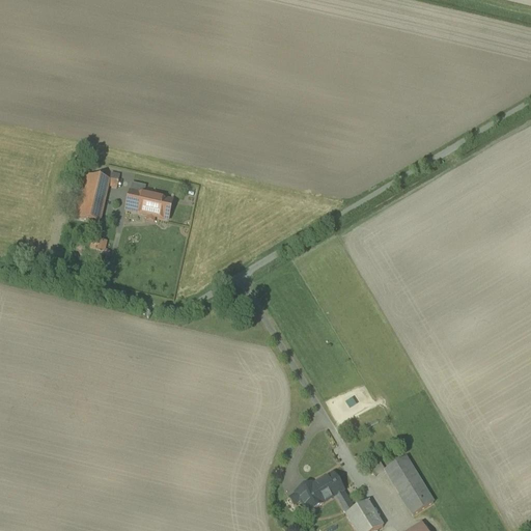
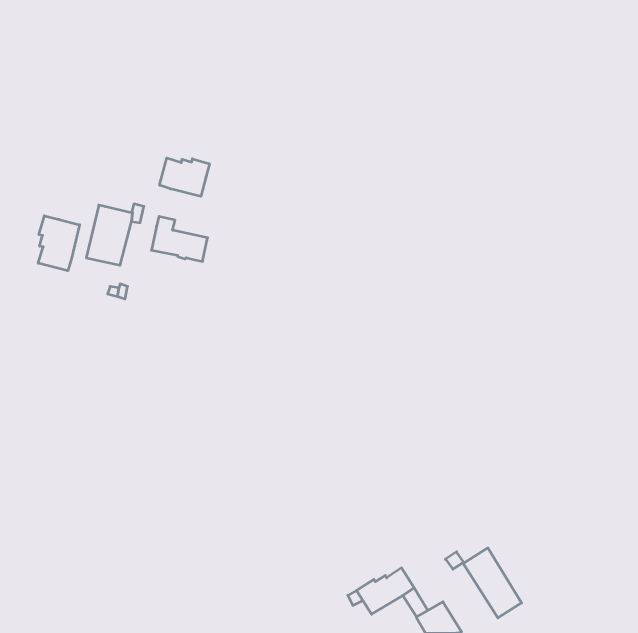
building: none -> [160,158,209,196]
building: none -> [38,216,80,271]

